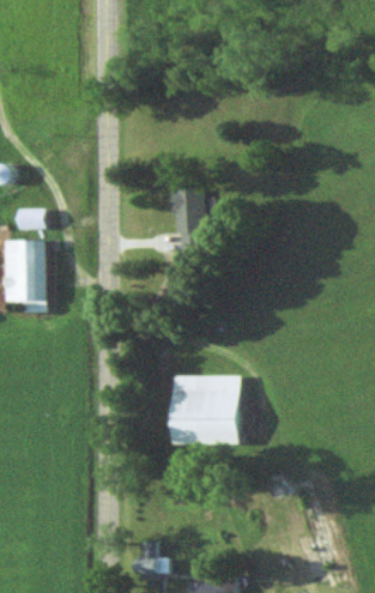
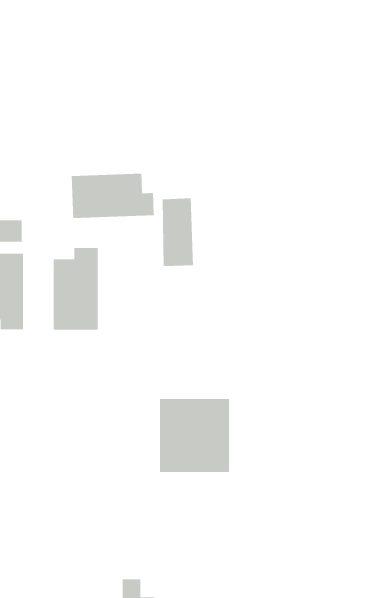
building: none -> [71,173,155,219]
building: none -> [53,247,98,330]

